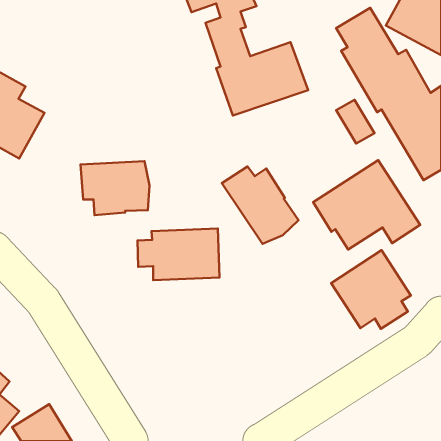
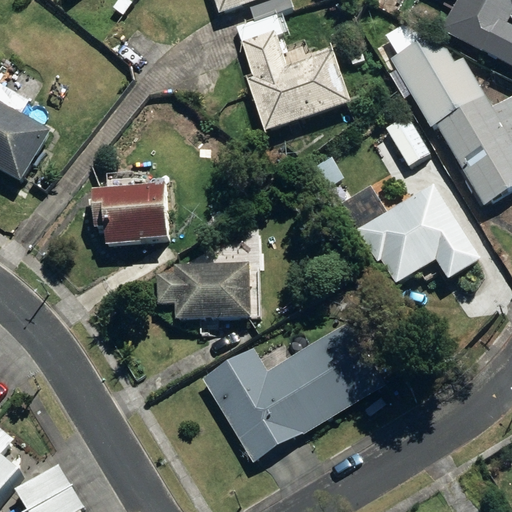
building: [222,166,298,244] -> none
building: [331,250,411,329] -> none
building: none -> [201,321,385,464]

